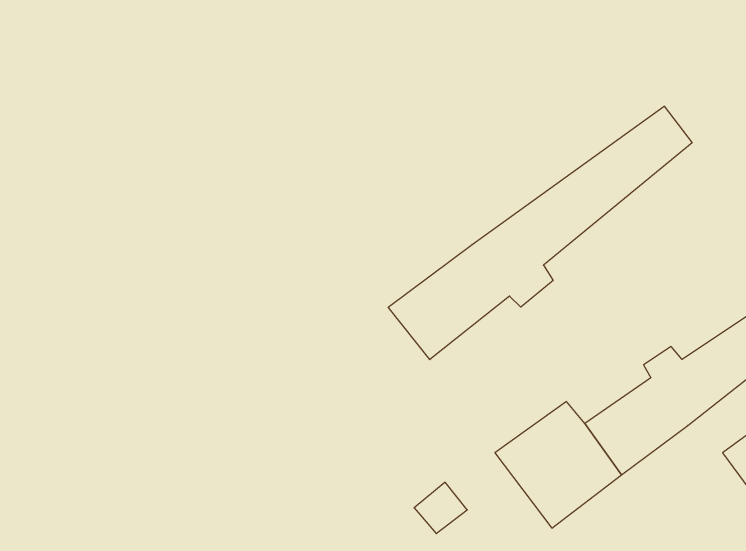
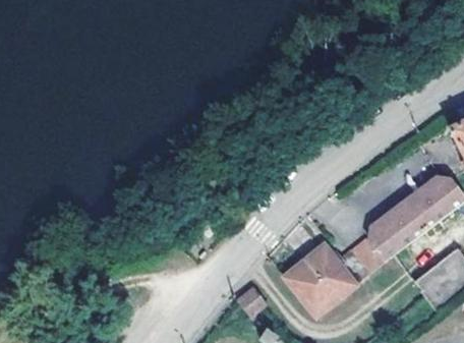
building: [388,106,692,360] -> none

